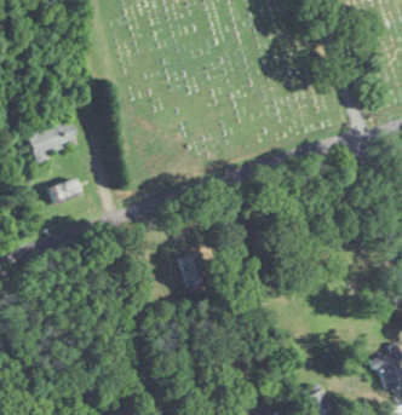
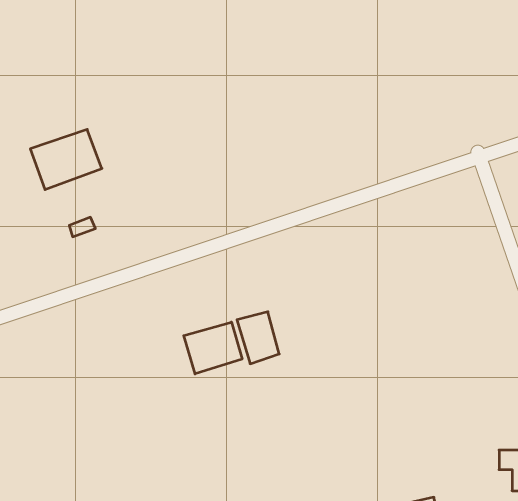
building: none -> [184,322,242,374]

